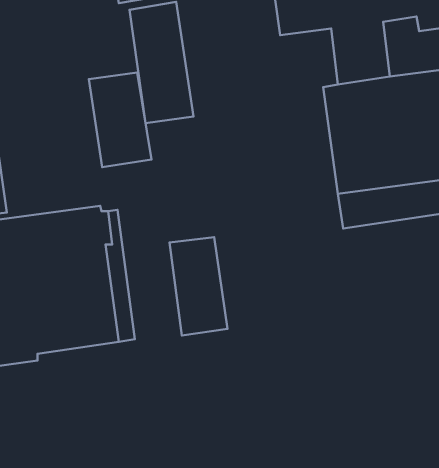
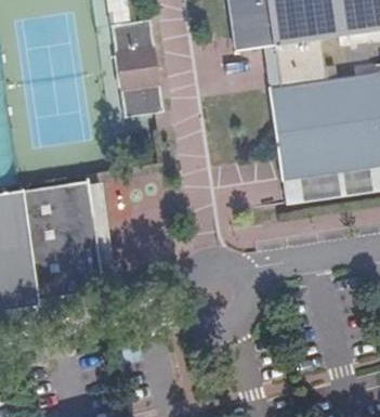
building: [89,72,151,167] -> none
building: [169,237,227,336] -> none

